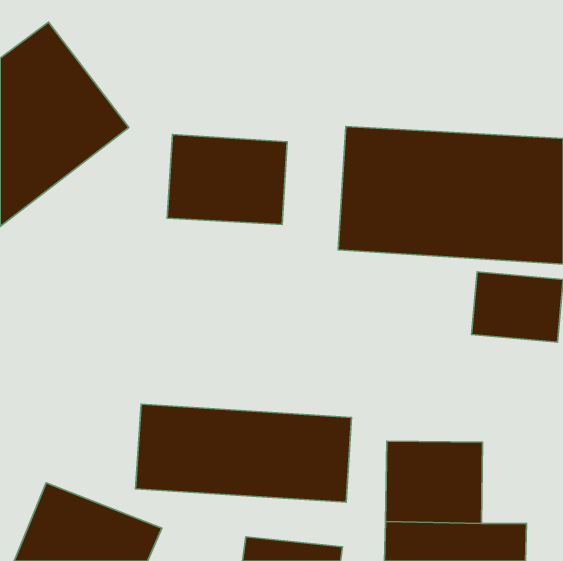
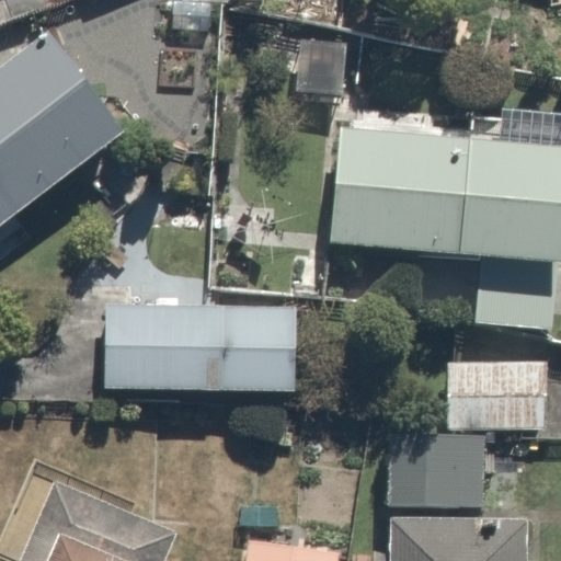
building: [167,134,287,224] -> none
building: none -> [440,354,553,428]
building: [136,404,352,502] -> [100,301,314,399]

